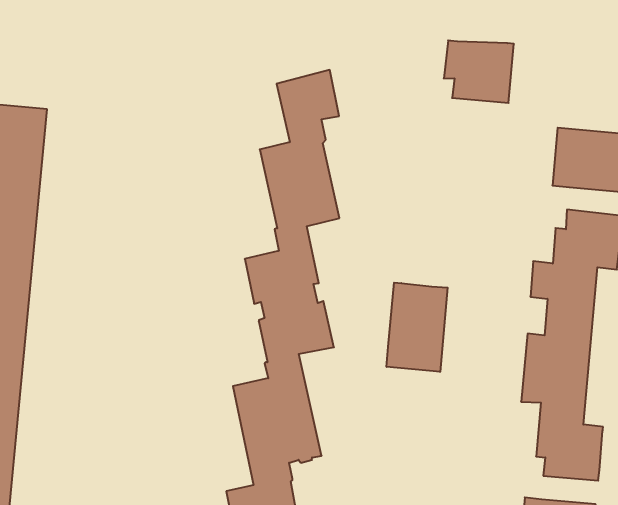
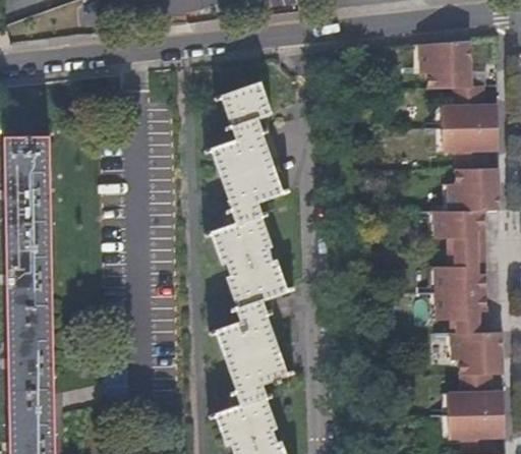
building: [444,40,514,103] -> [419,40,471,87]
building: [387,283,448,372] -> none

